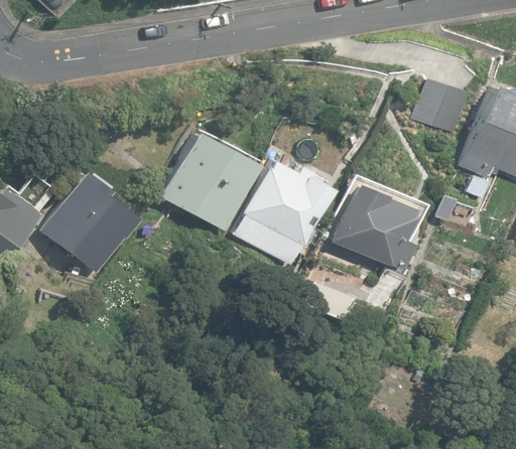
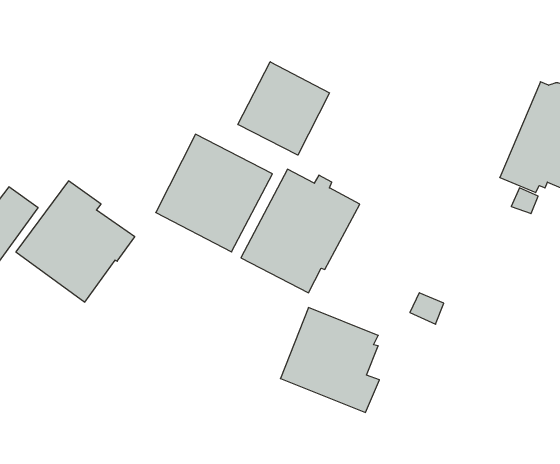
building: none -> [238,62,329,155]
building: [412,79,470,135] -> none
building: [331,179,416,270] -> [280,308,379,412]

